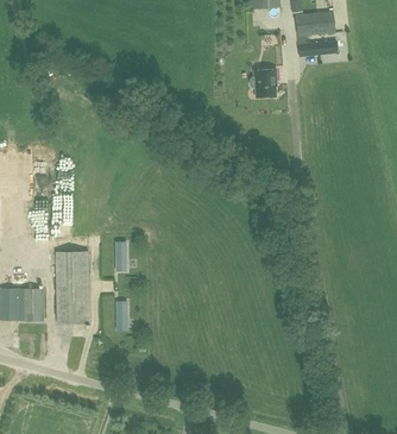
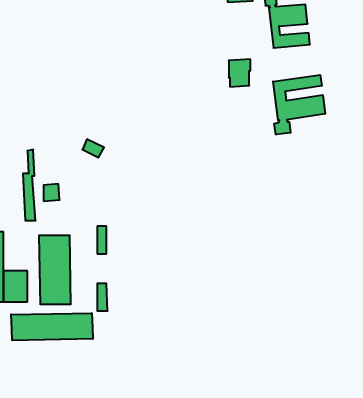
building: none -> [273,75,325,135]
building: none -> [11,313,93,340]

